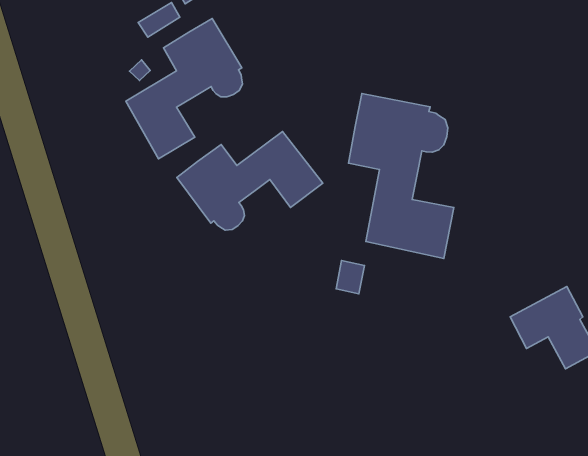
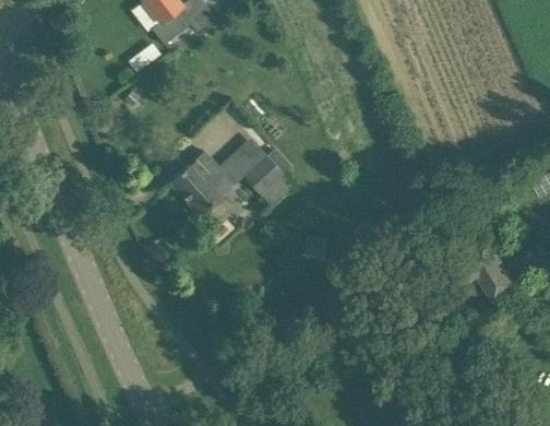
building: [126,18,243,159] -> none
building: [349,94,454,259] -> none

